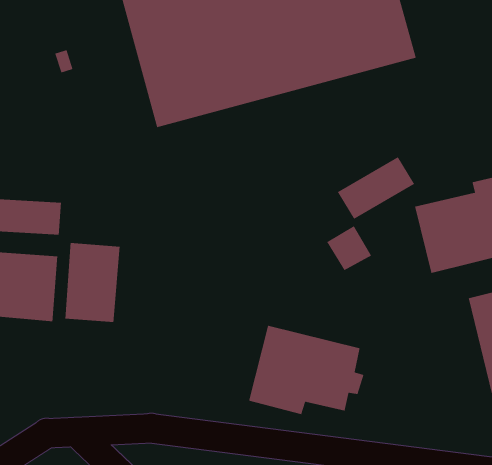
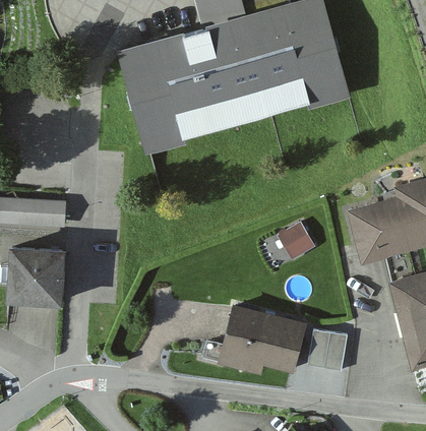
building: [337,156,415,220] -> none
building: [65,242,120,323] -> none
building: none -> [308,330,348,373]

